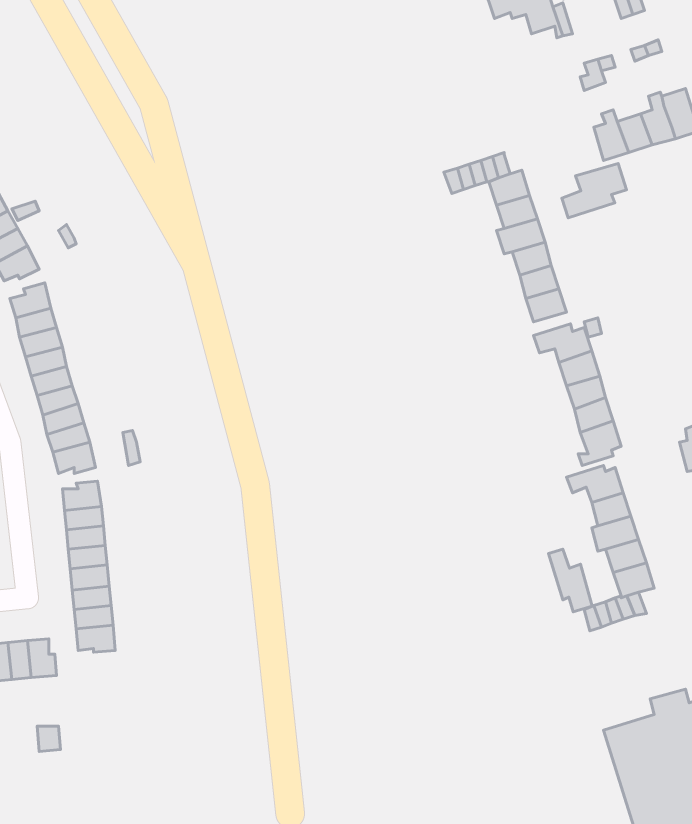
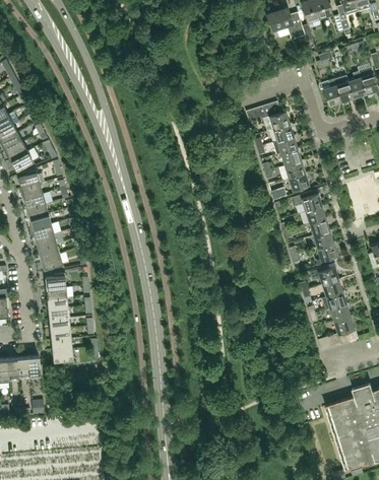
building: [562,164,626,218] -> none
building: [548,549,592,612] -> none

